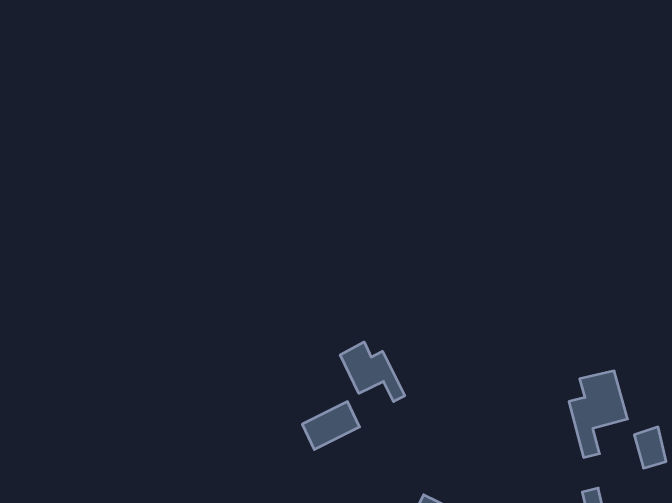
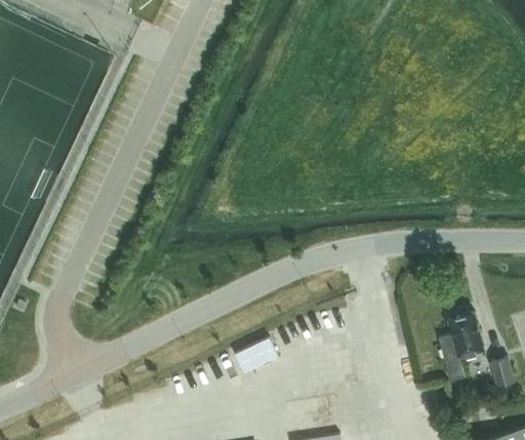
building: [340,342,405,402] -> none

